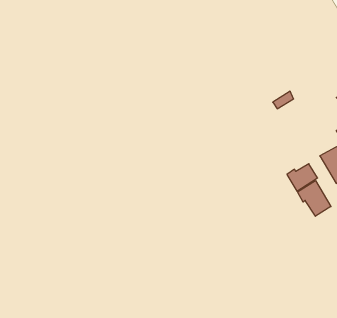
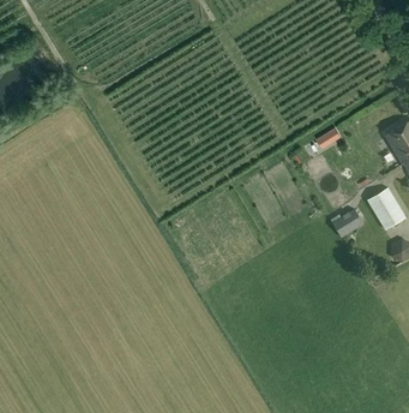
building: [298,181,331,216] -> none

